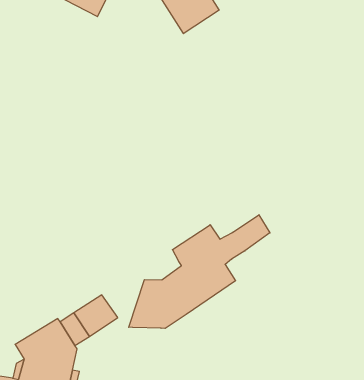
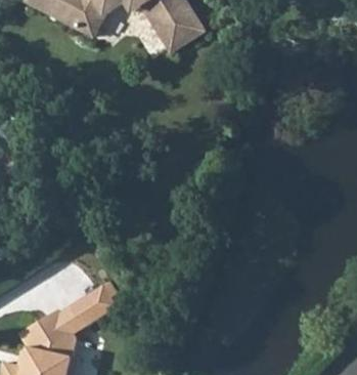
building: [129,215,270,328] -> none

